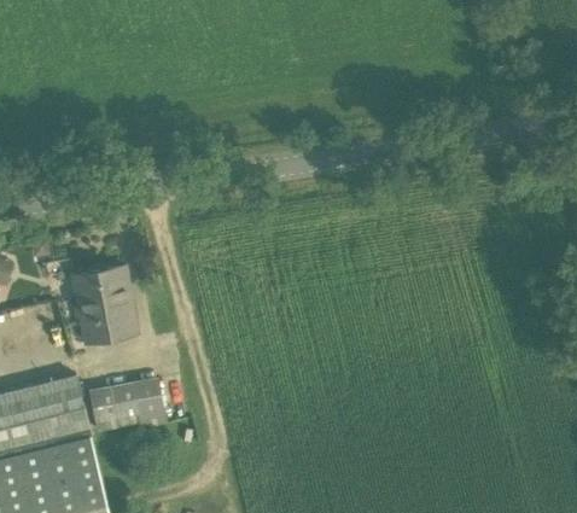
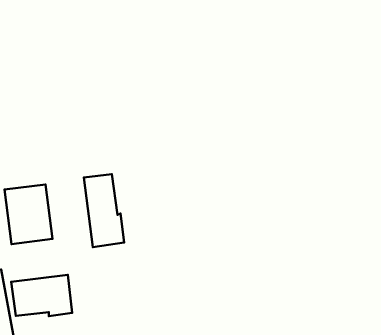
building: none -> [84,174,124,247]

